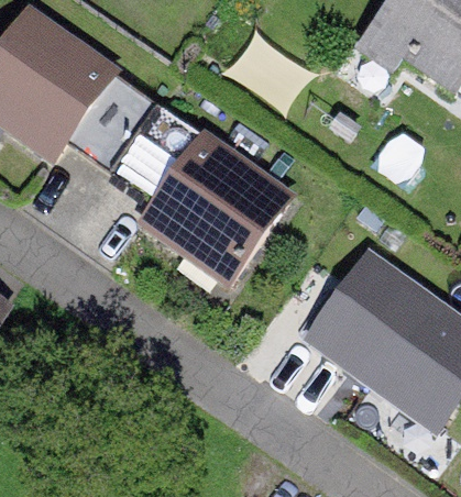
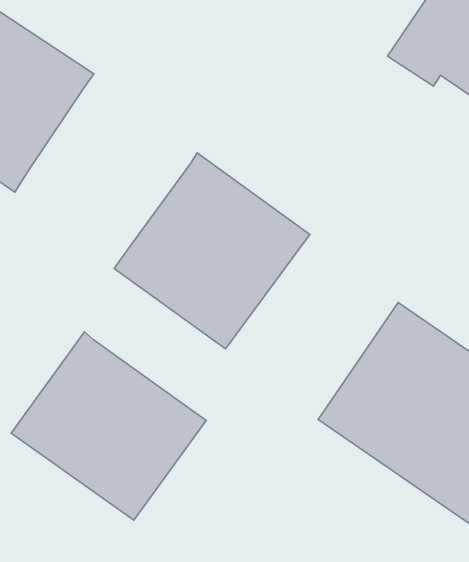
building: [69,76,201,202] -> none
building: none -> [11,332,206,520]

